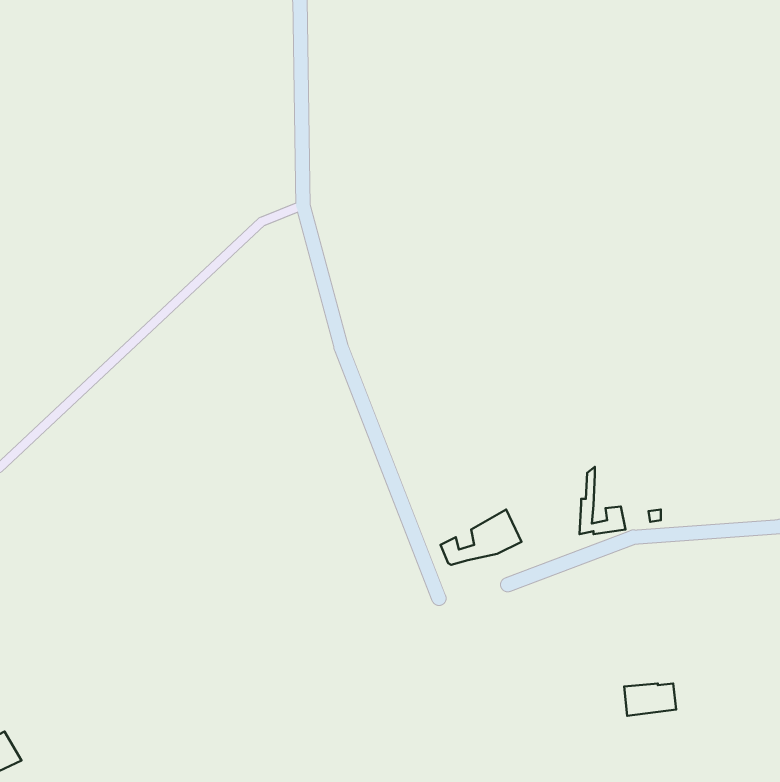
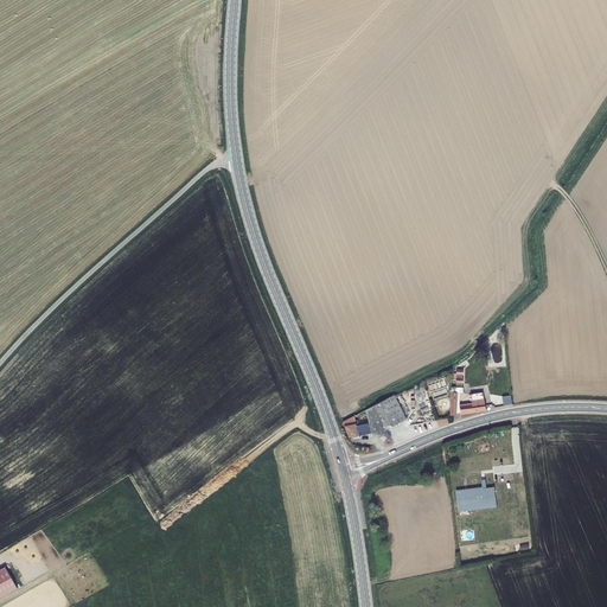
building: [624,684,676,716] -> [455,487,496,512]

